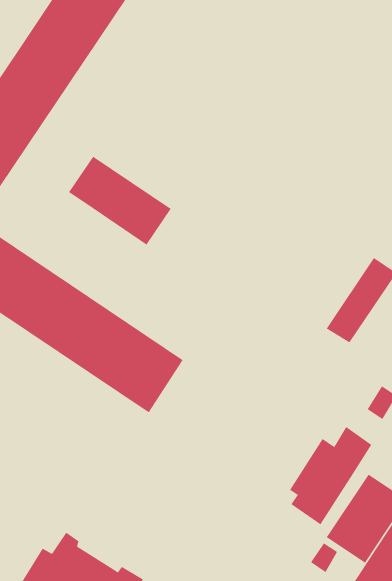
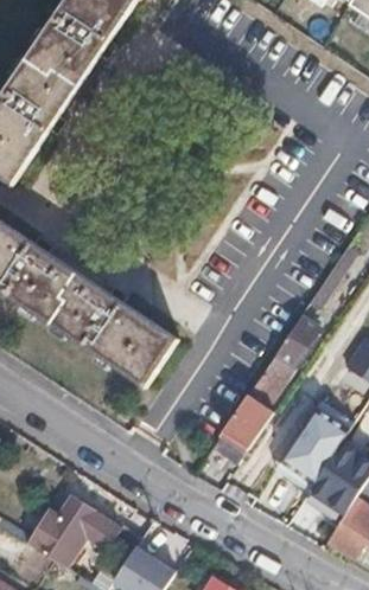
building: [68,156,171,246] -> none
building: none -> [208,314,320,473]

